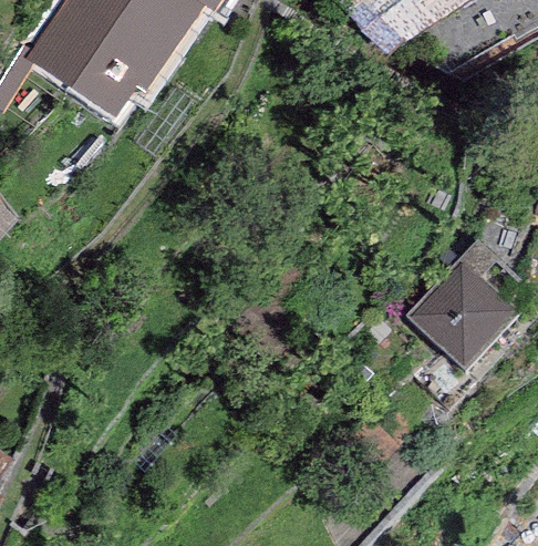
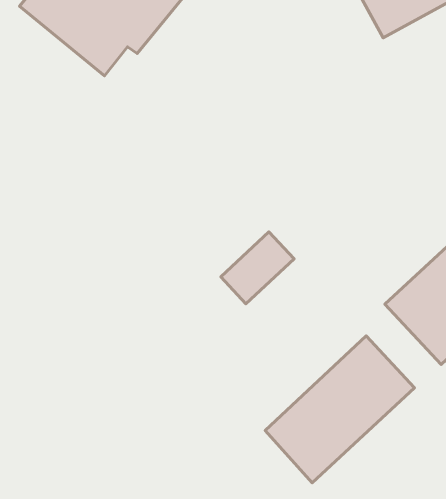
building: none -> [265,336,414,483]

